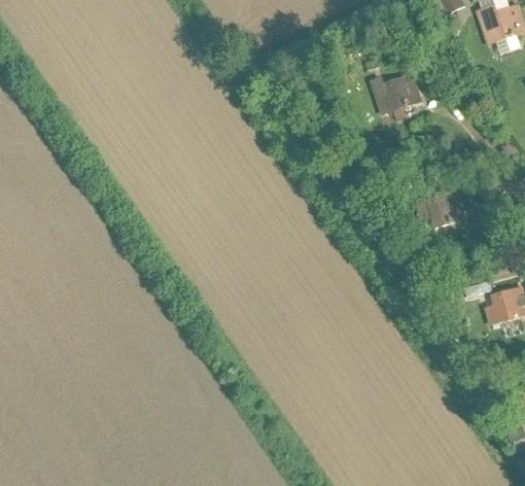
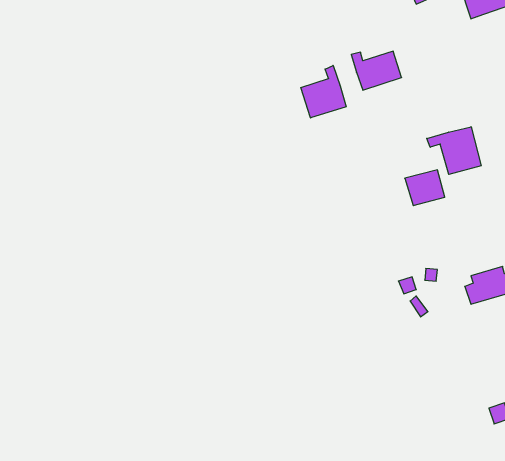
building: none -> [301,65,346,118]
building: none -> [427,127,481,174]

